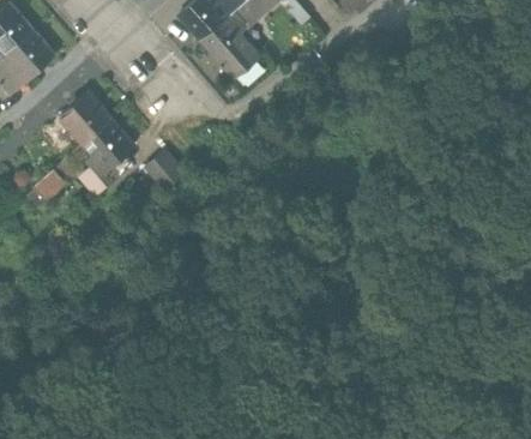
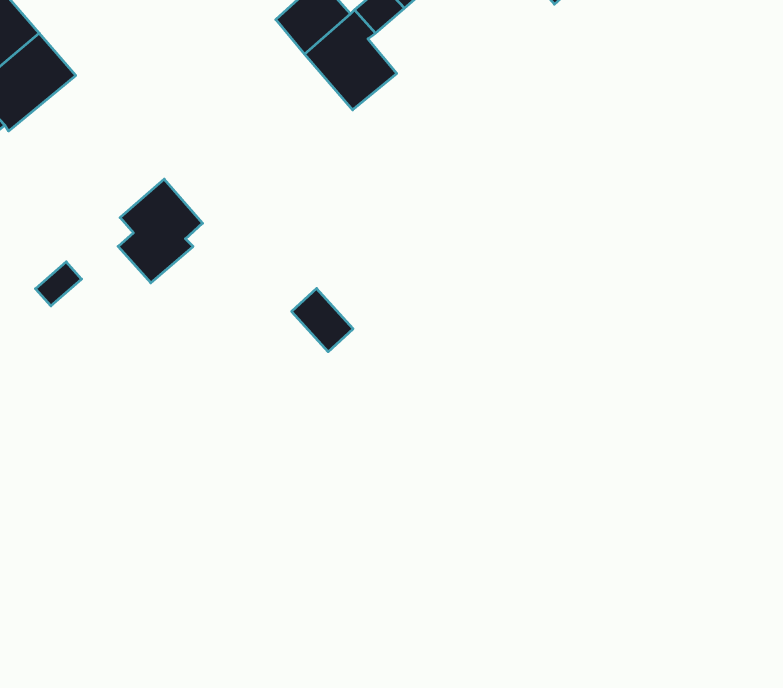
building: [59,90,110,143] -> none
building: [139,146,177,186] -> [292,288,353,352]

